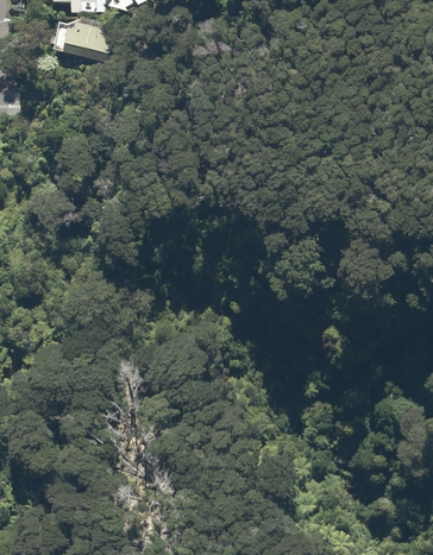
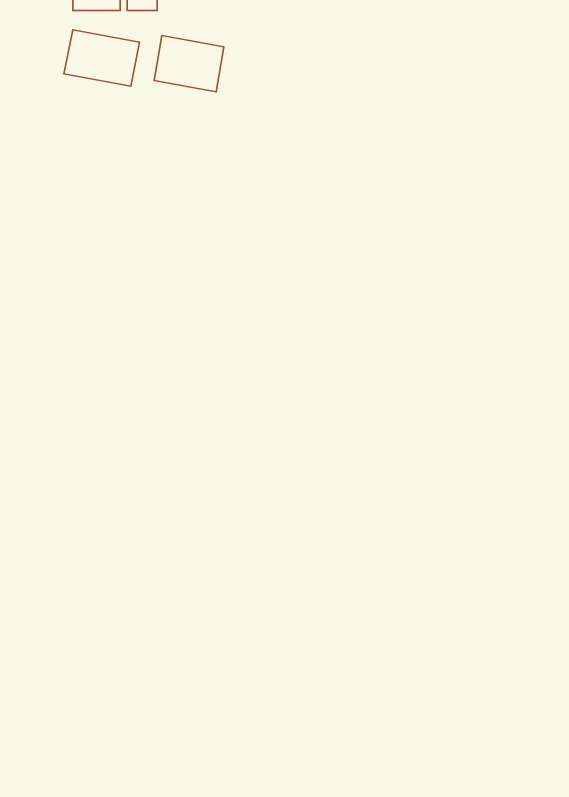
building: none -> [154,35,224,92]

